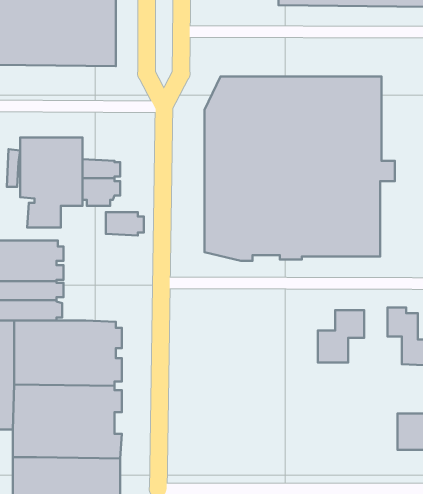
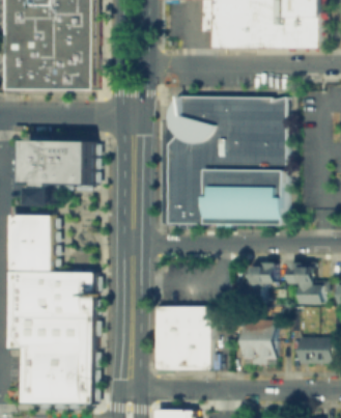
building: [106,212,144,235] -> [73,140,100,157]
building: none -> [155,305,211,369]
building: none -> [243,318,274,363]

